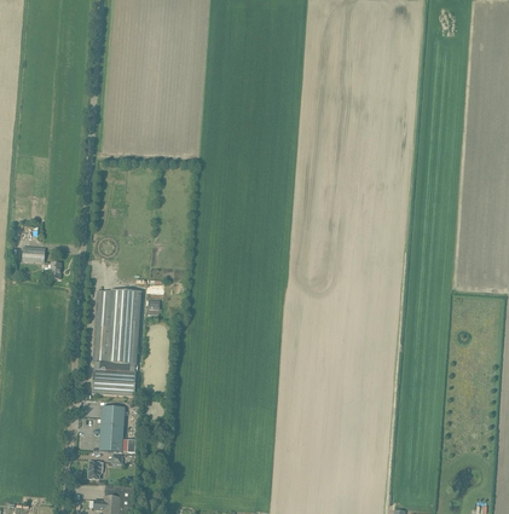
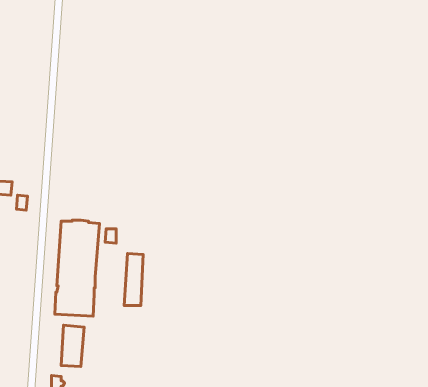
building: none -> [124,254,143,306]

